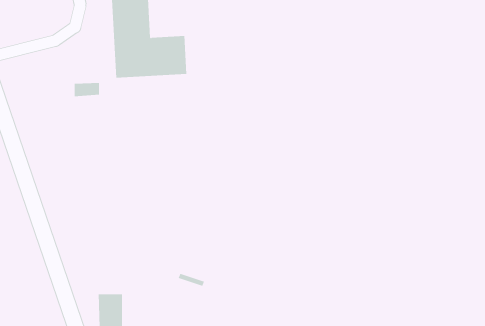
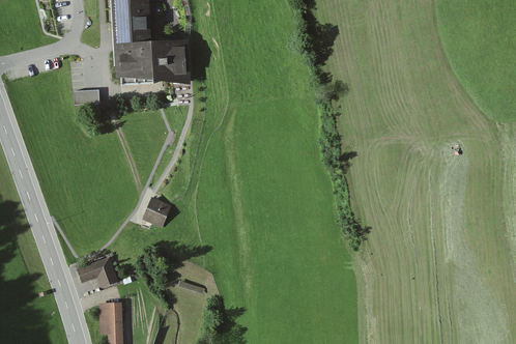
building: none -> [143,197,172,227]
building: none -> [77,256,118,285]

